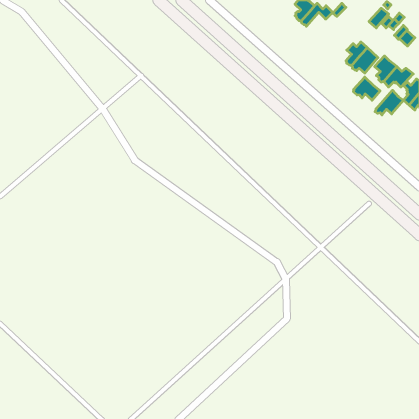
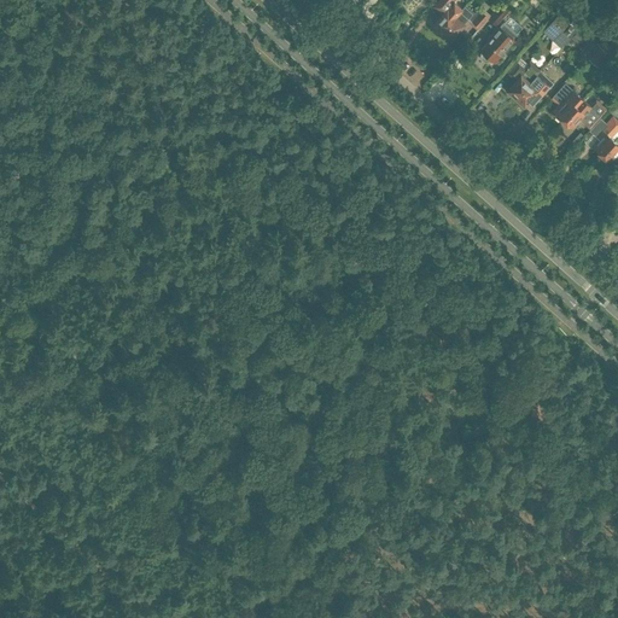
building: none -> [482,23,519,63]
building: [354,77,380,100] -> none
building: [375,90,403,115] -> none

